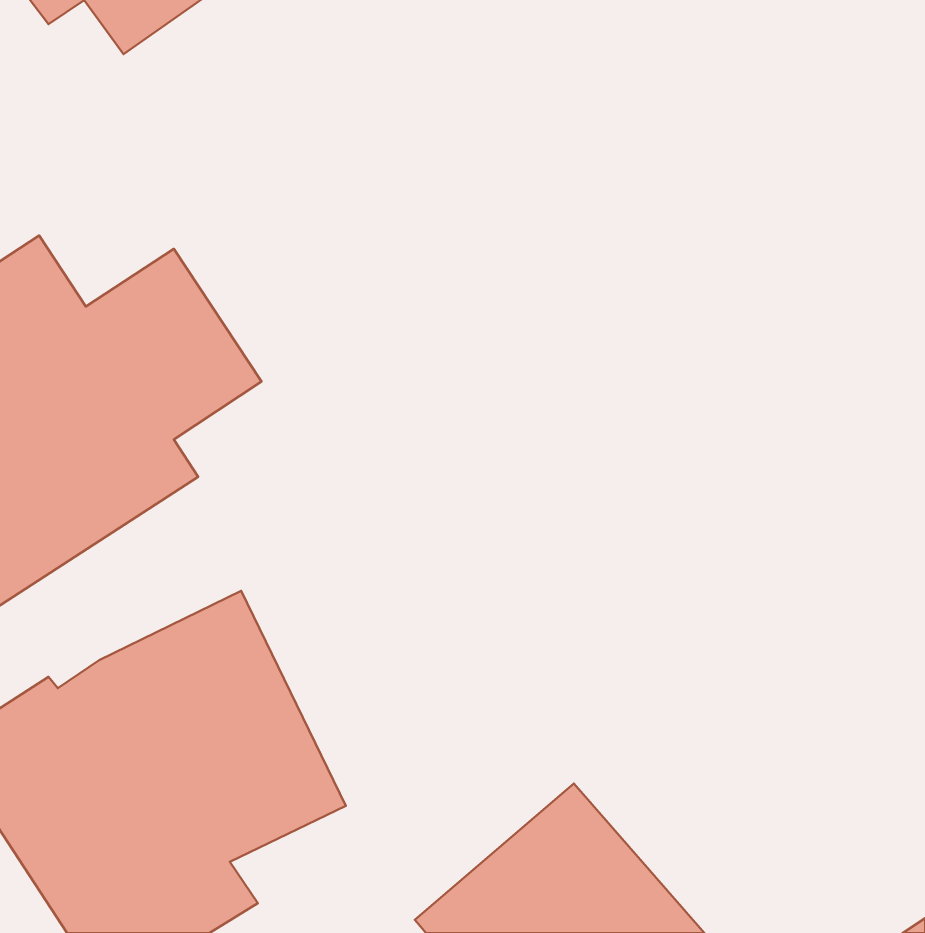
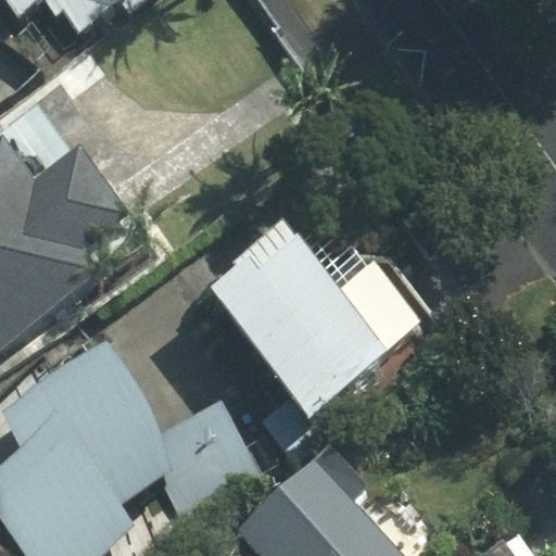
building: none -> [229,223,418,421]

